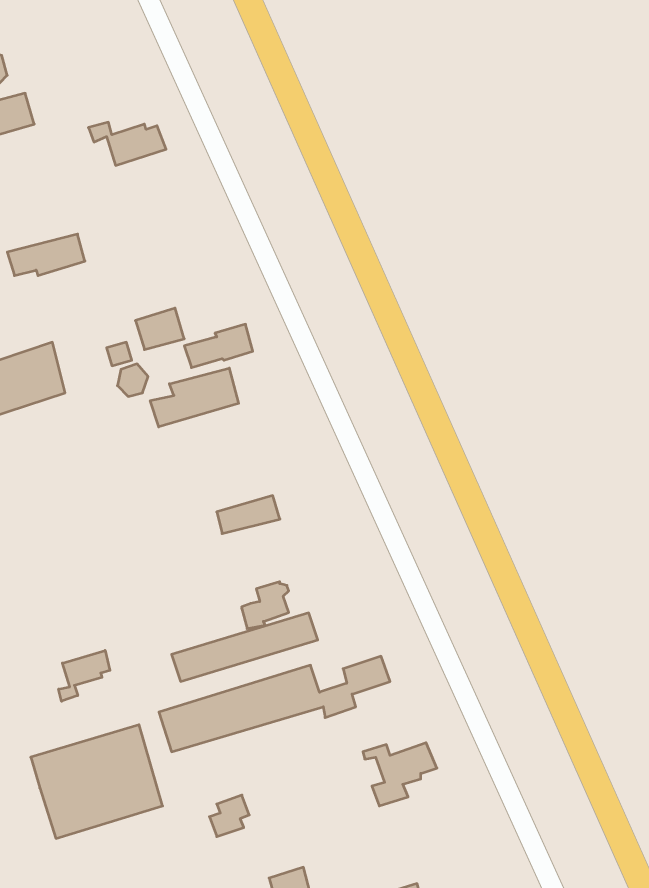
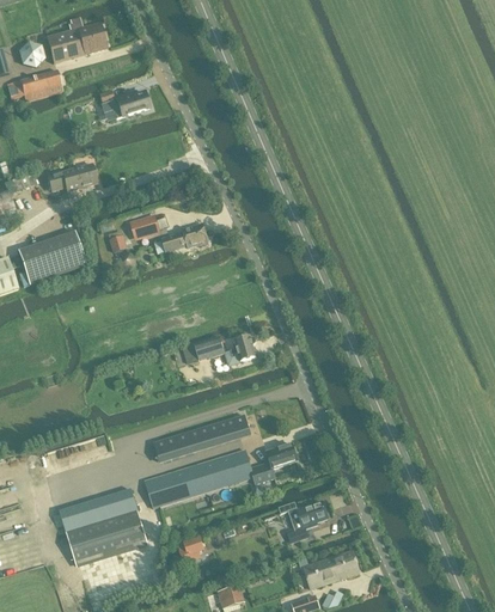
building: none -> [45,17,106,63]
building: [150,368,239,427] -> none
building: [242,582,289,629] -> [225,335,256,366]
building: [59,650,110,701] -> none
building: none -> [304,550,359,588]

